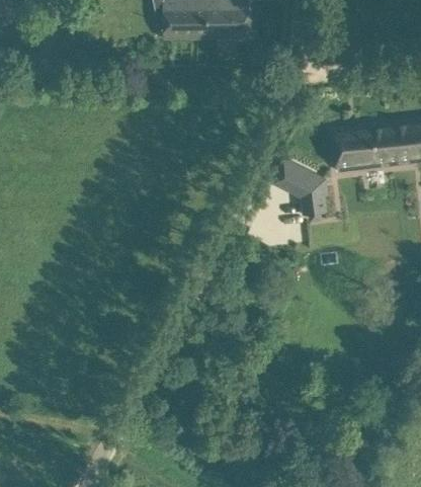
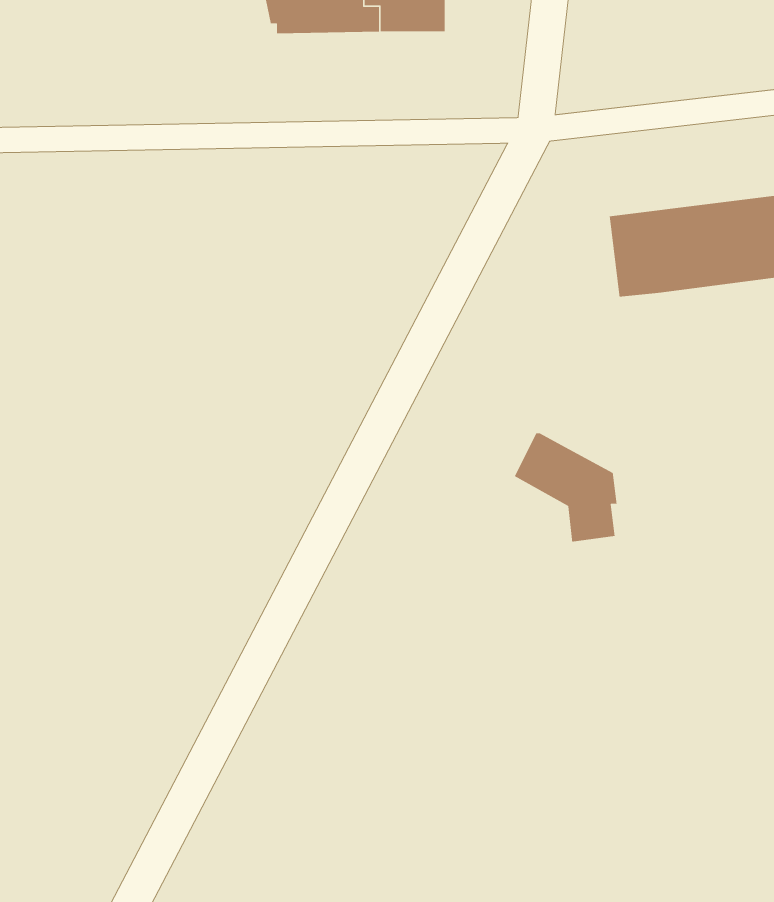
building: [273,159,326,215] -> [514,433,617,542]

